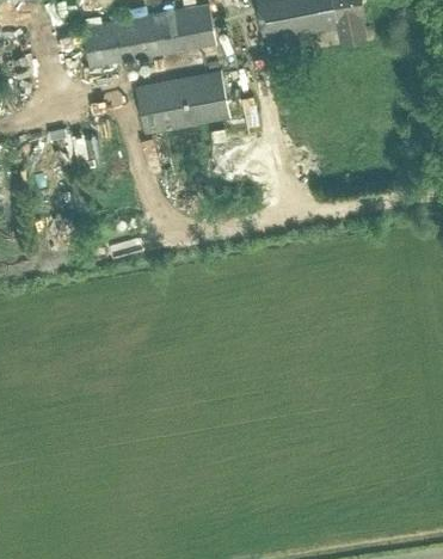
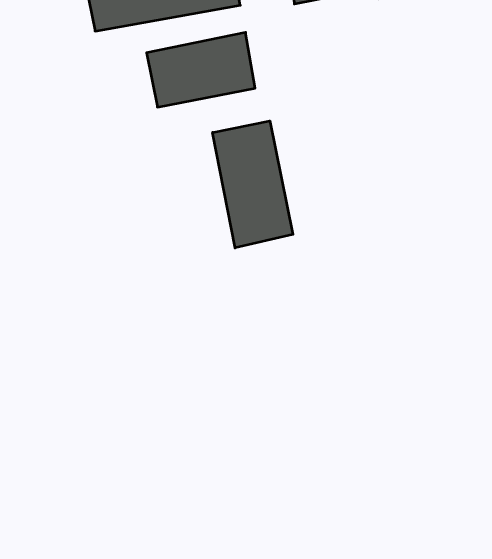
building: none -> [213,121,293,248]

